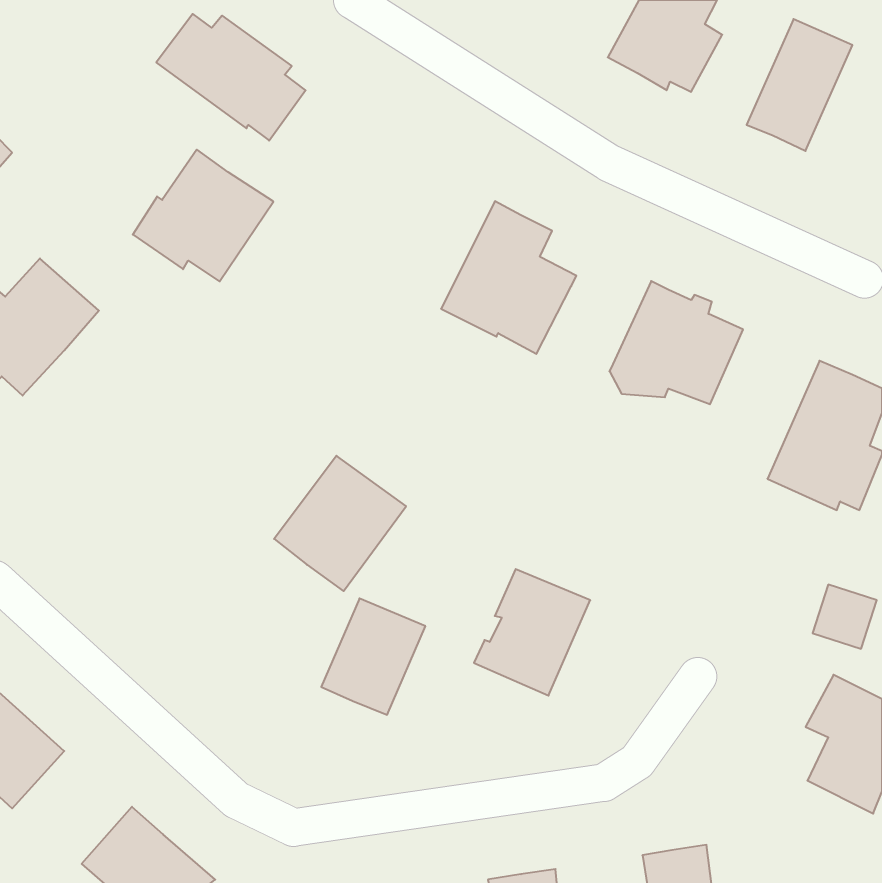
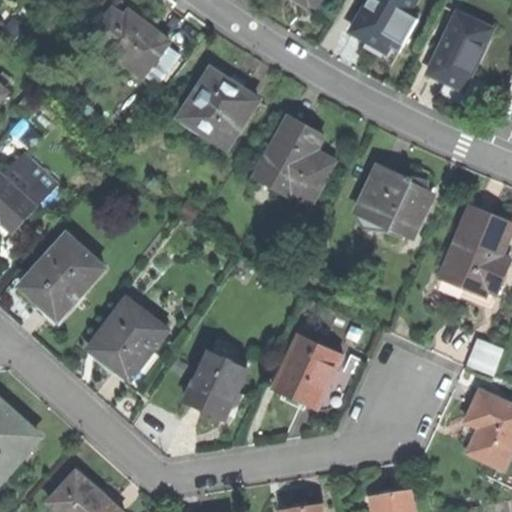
building: [133,150,273,281] -> [174,73,255,149]
building: none -> [20,232,102,309]
building: [274,456,406,591] -> [89,297,165,375]

